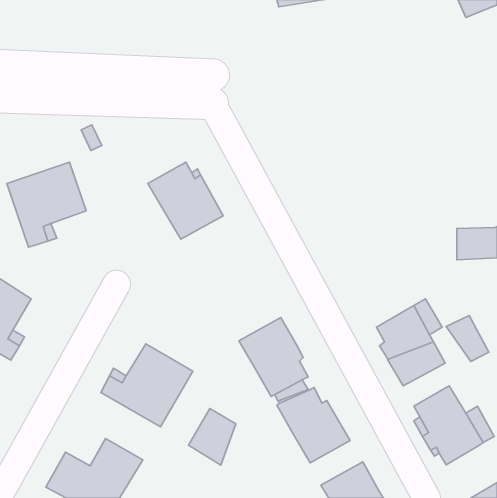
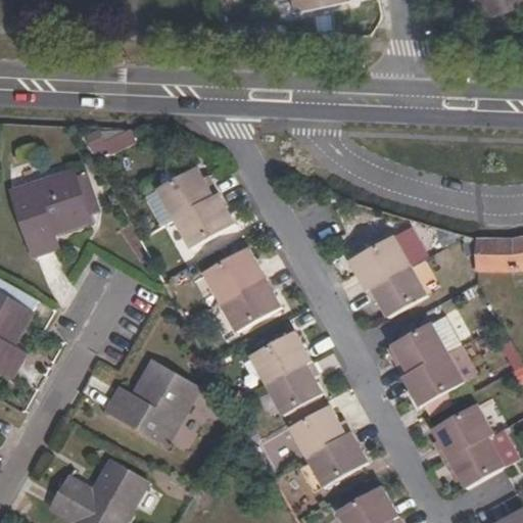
building: none -> [353,233,430,315]
building: none -> [189,248,280,332]
building: [446,315,489,362] -> none
building: [188,408,236,465] -> none

